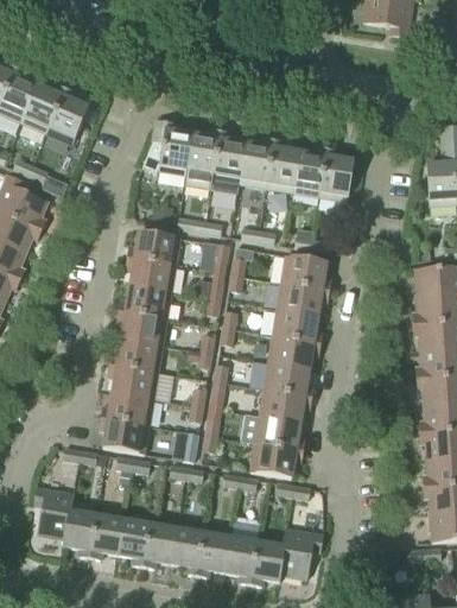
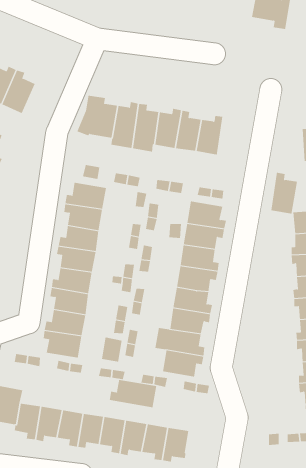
building: [319,148,354,202] -> [271,172,298,214]
building: none -> [109,379,157,408]
building: [279,530,323,580] -> none

